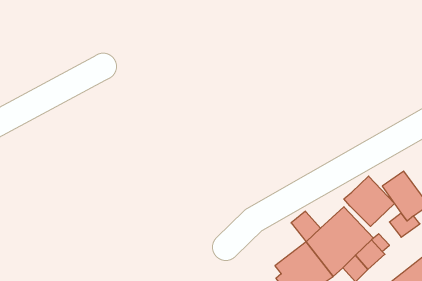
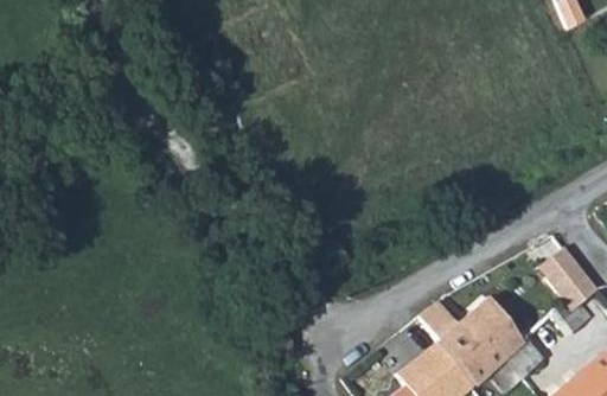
building: [344,176,394,226] -> none

